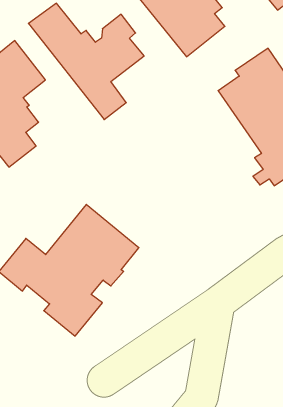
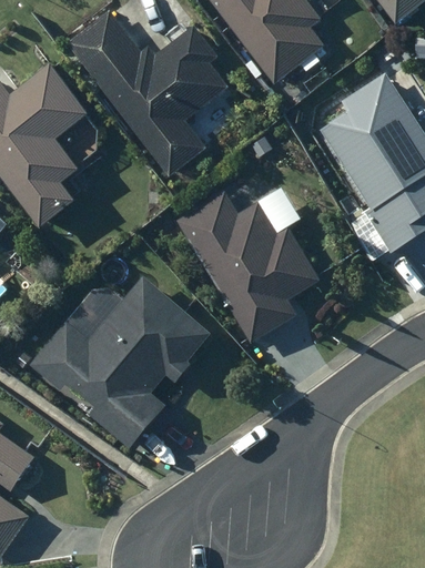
building: none -> [174,185,320,342]

